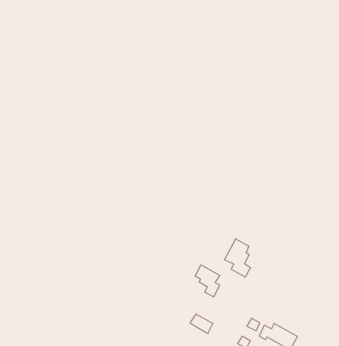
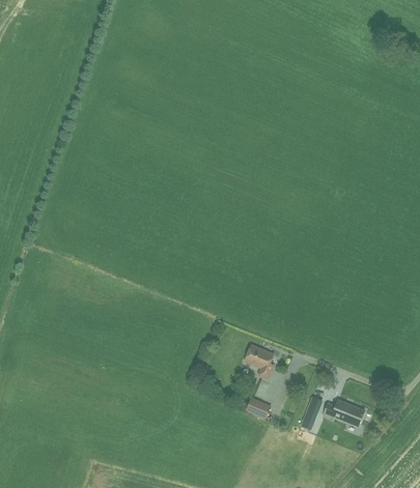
building: [225,239,251,277] -> none

